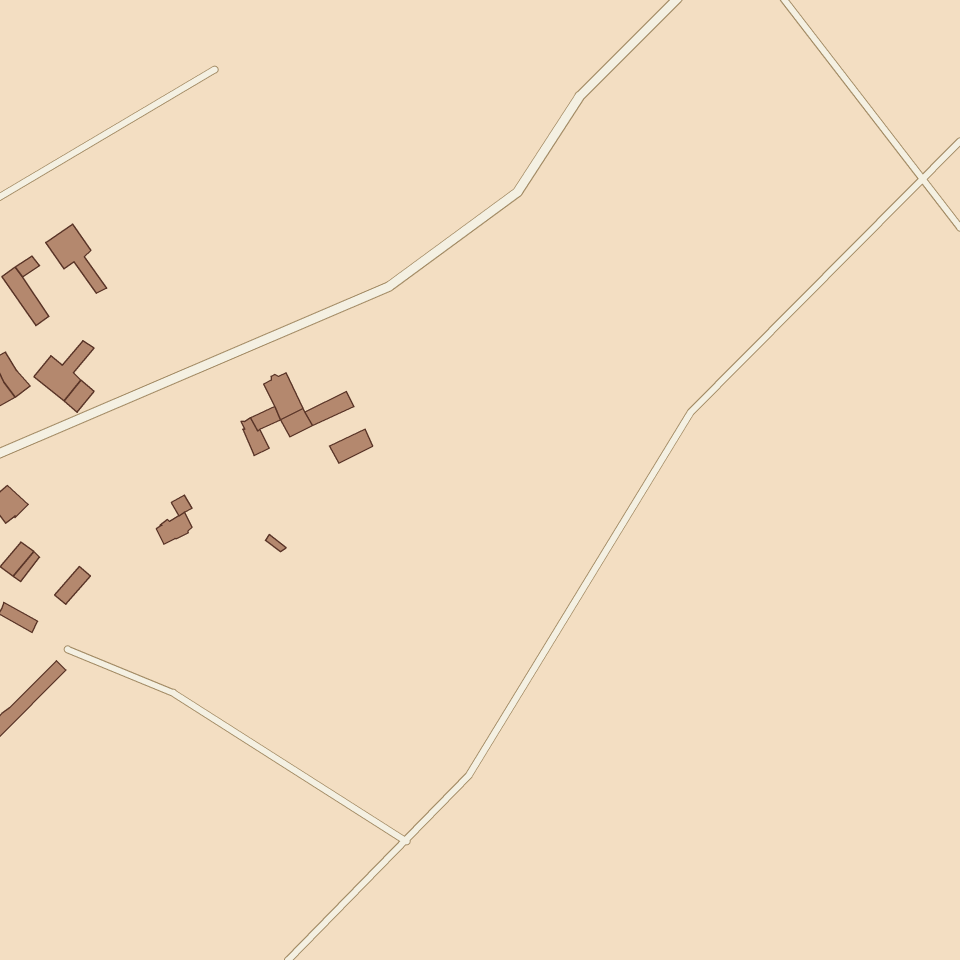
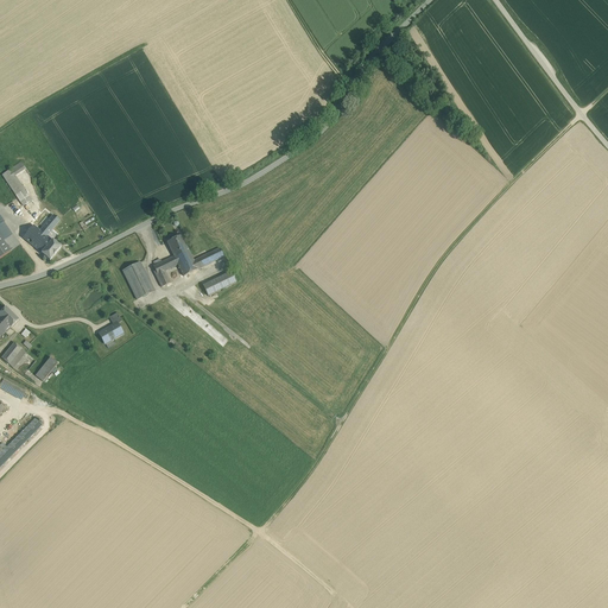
building: [46,224,107,293] -> none
building: none -> [121,262,153,299]

